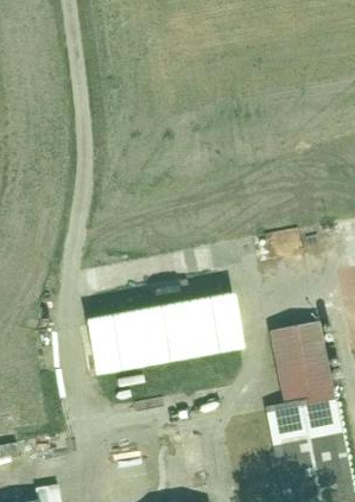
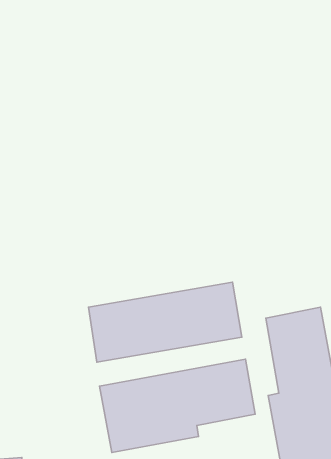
building: none -> [99,359,255,453]

